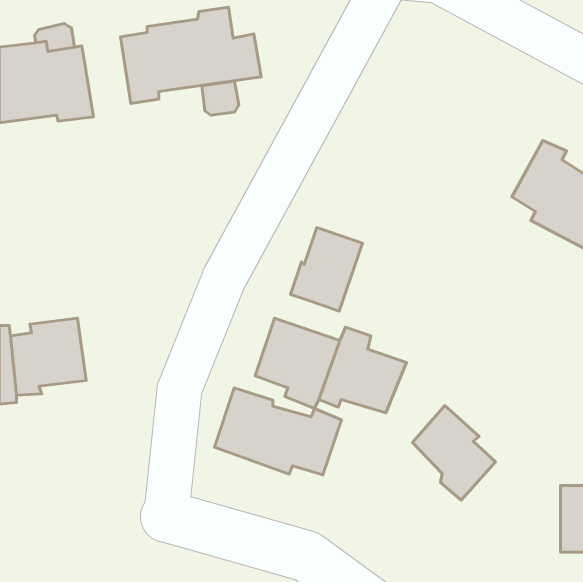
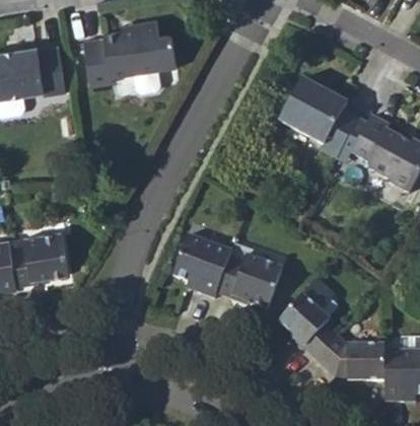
building: none -> [280,79,357,159]
building: [290,227,363,311] -> none
building: [214,388,341,475] -> none
building: none -> [317,334,384,380]

